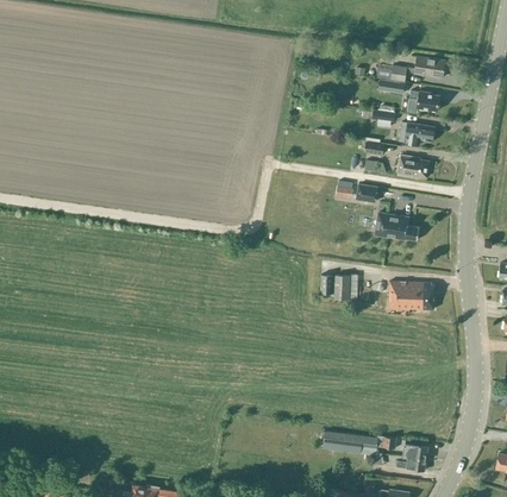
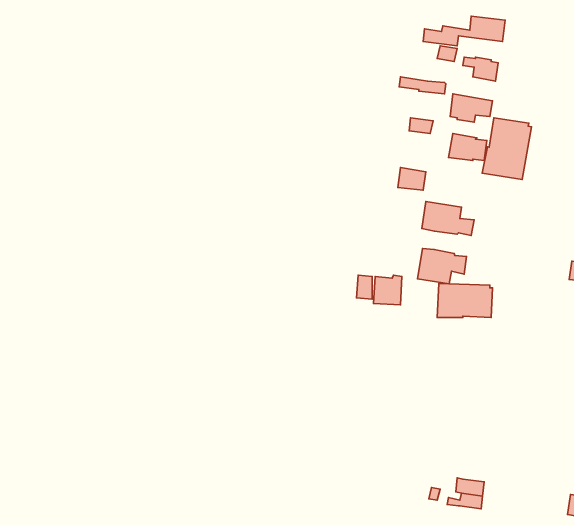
building: none -> [482,118,531,180]
building: none -> [418,248,467,284]
building: [324,430,396,454] -> none

